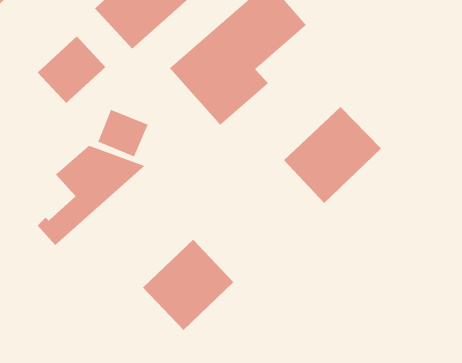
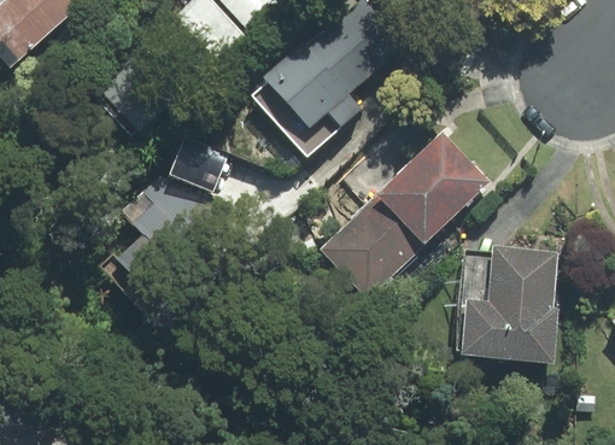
building: none -> [456,245,558,362]
building: [142,239,234,331] -> [320,194,422,297]

